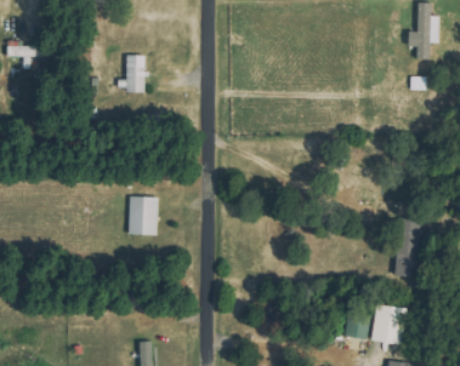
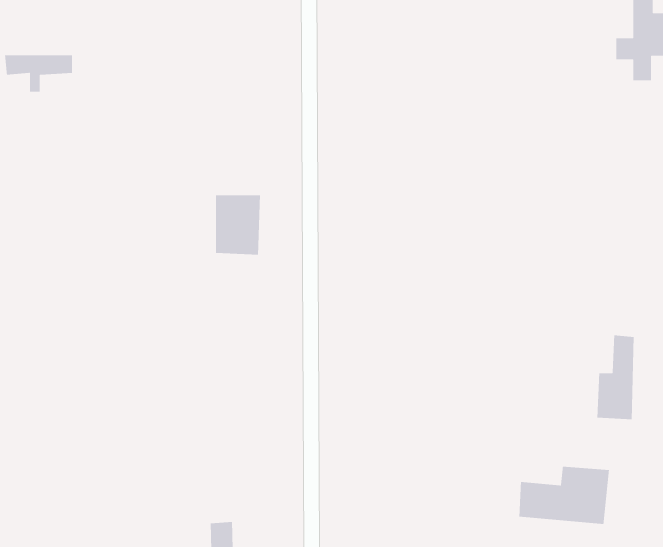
building: [123,56,143,93] -> none
building: [135,196,164,235] -> [215,195,261,256]

